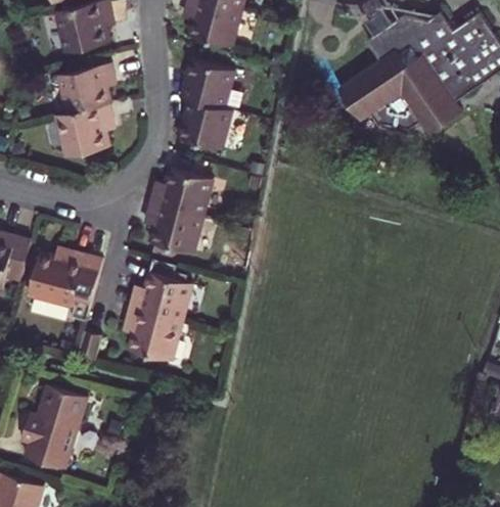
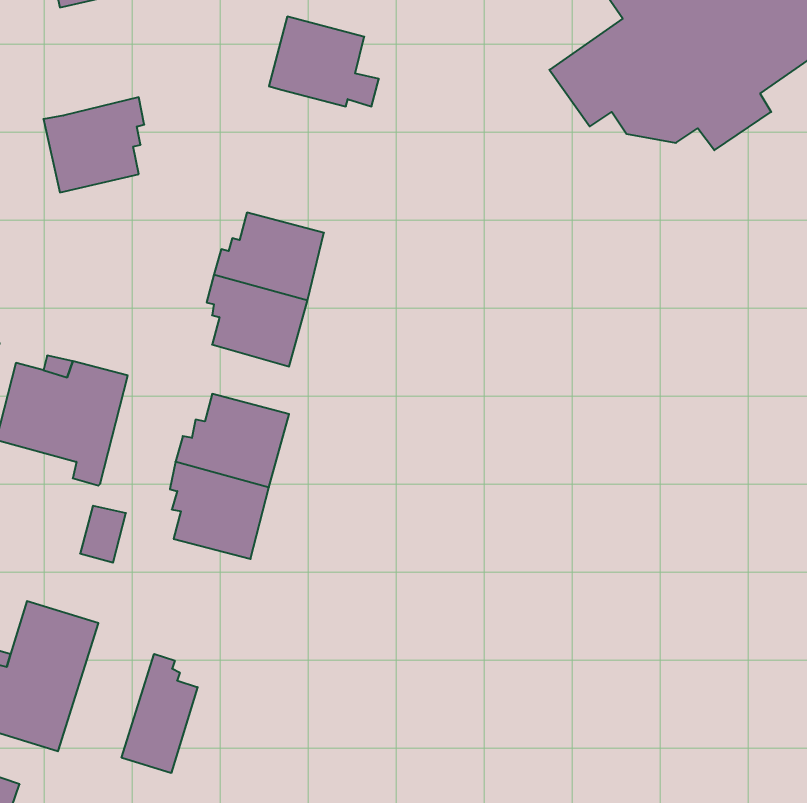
building: [57,63,113,114] -> none
building: [178,100,231,150] -> none
building: none -> [122,654,198,773]

